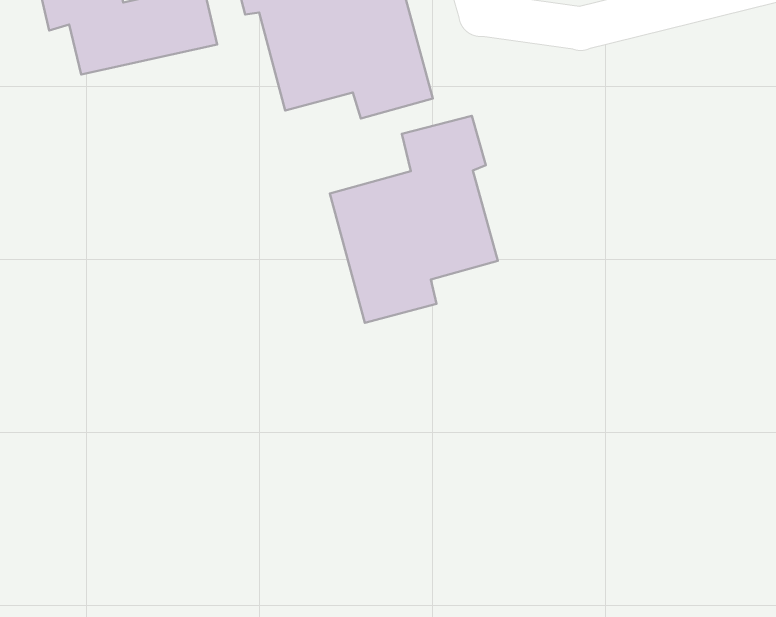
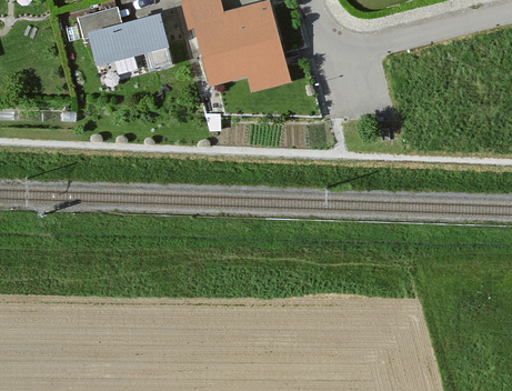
building: [330,116,498,323] -> none

